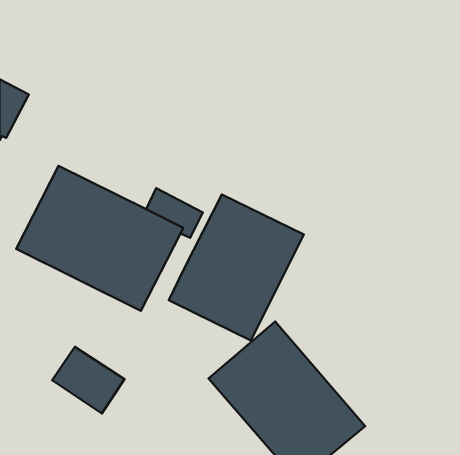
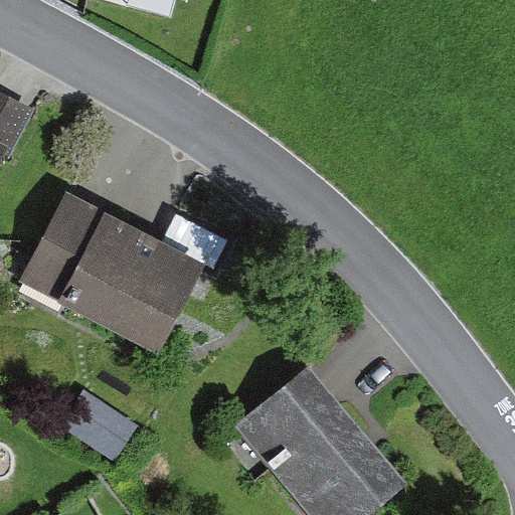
building: [169,195,304,340] -> none

